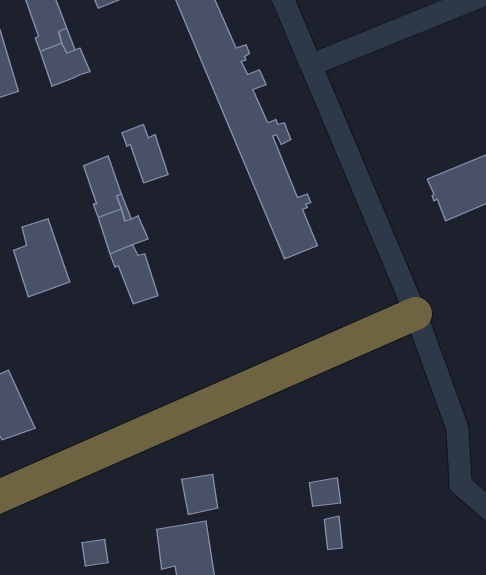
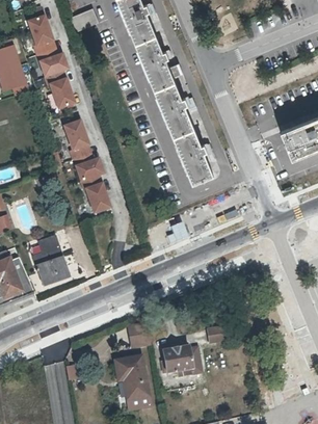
building: [122,125,168,183] -> [46,74,75,110]
building: [13,219,70,297] -> [33,236,69,285]
building: none -> [160,346,202,376]

